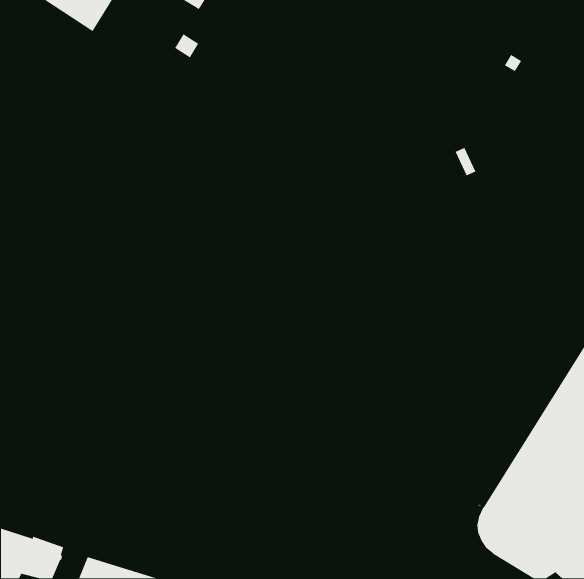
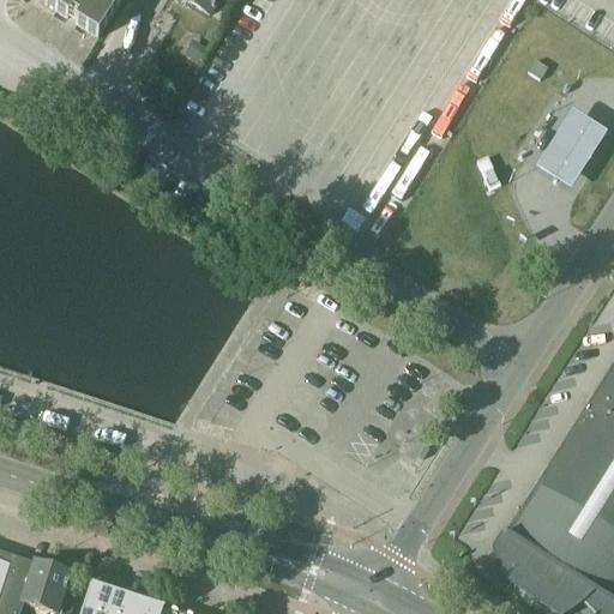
building: none -> [536,108,607,187]

